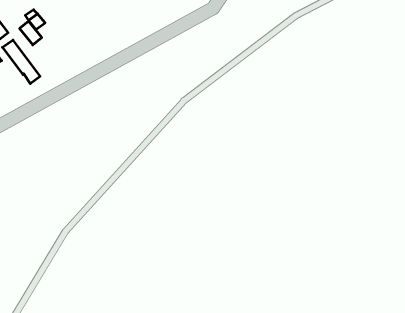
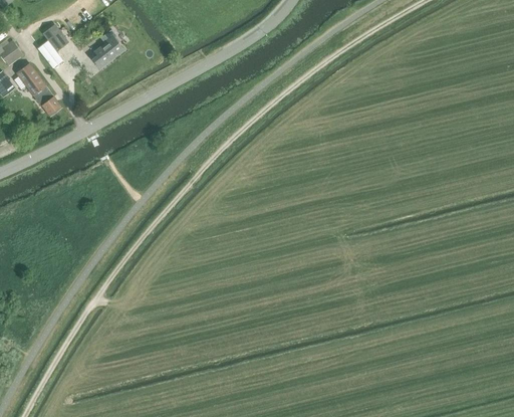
building: none -> [92,28,121,65]

